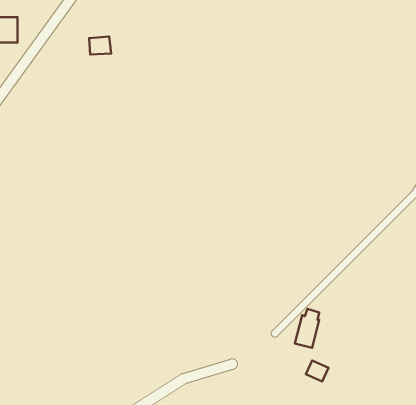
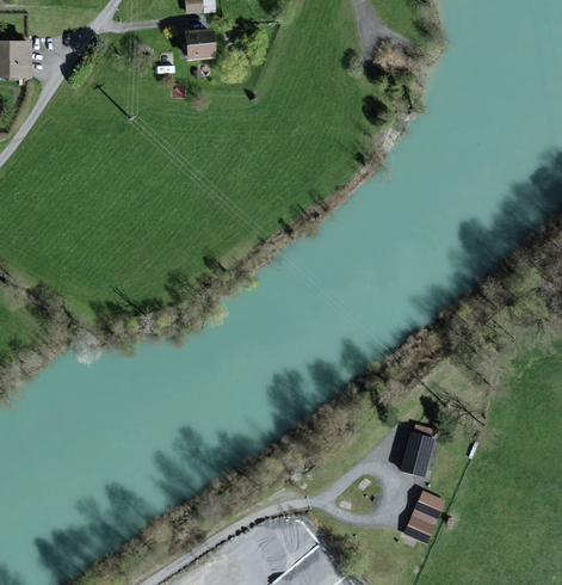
building: [89,36,111,54] -> [189,33,217,57]

